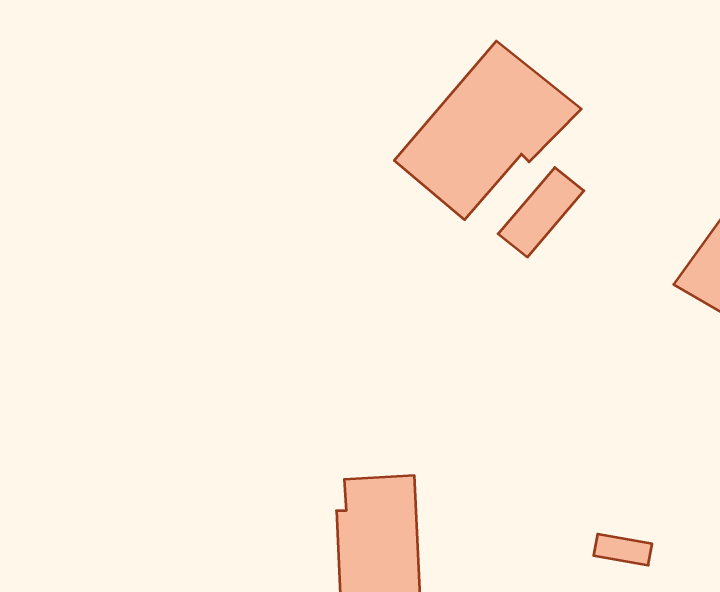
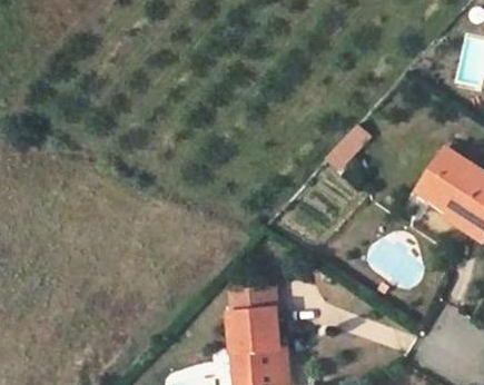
building: [394,41,581,220] -> none

